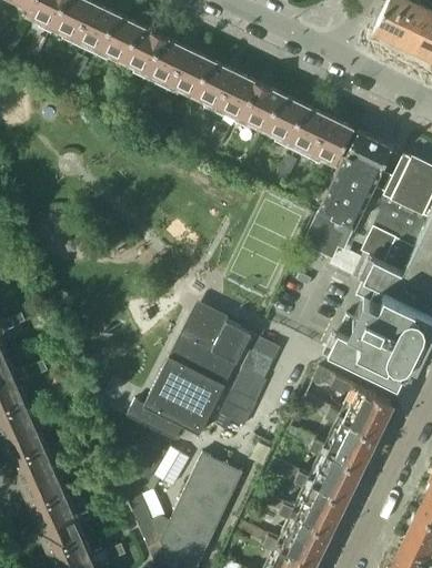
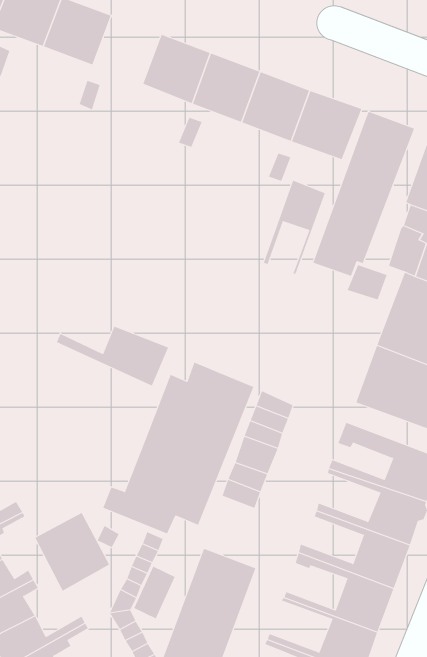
building: [150,41,204,95] -> none
building: none -> [263,180,325,274]
building: none -> [56,326,169,388]
building: none -> [34,512,110,592]

